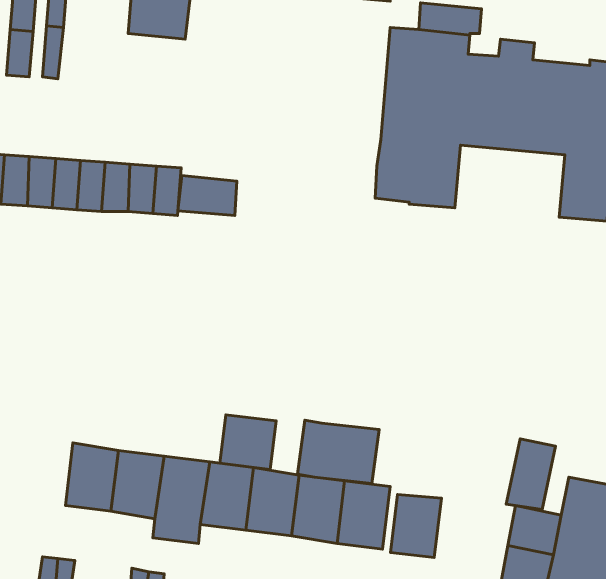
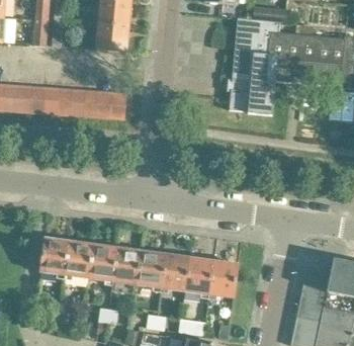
building: none -> [96,21,128,51]
building: [178,176,237,215] -> none
building: [220,415,276,469] -> none
building: [297,420,379,483] -> none
building: none -> [39,237,69,273]
building: [506,439,556,510] -> none
building: [390,495,442,558] -> none

